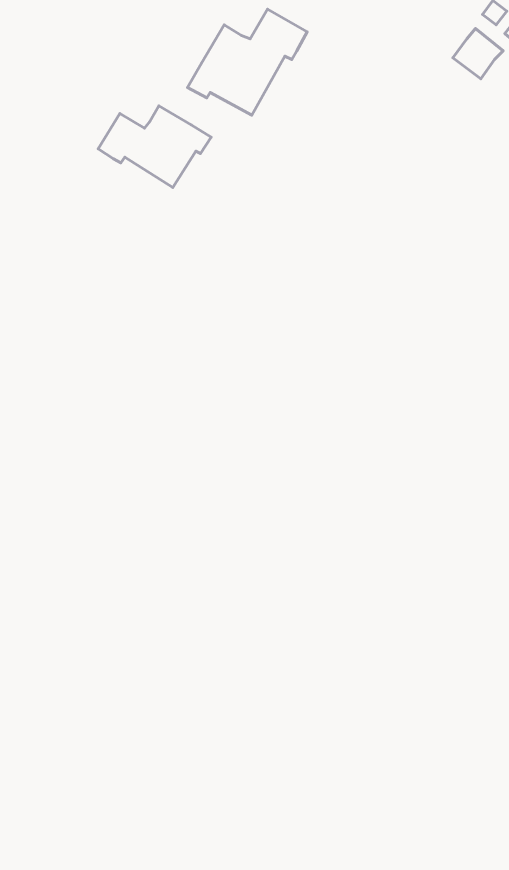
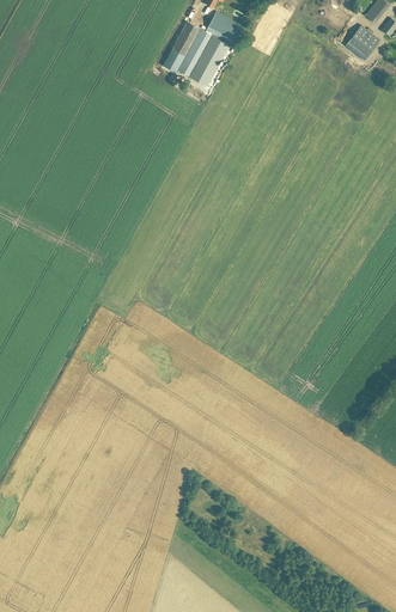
building: [98,106,211,187] -> none

